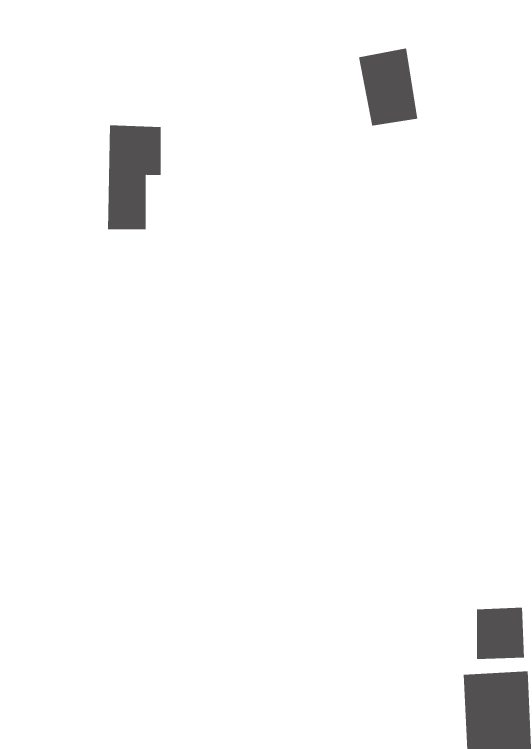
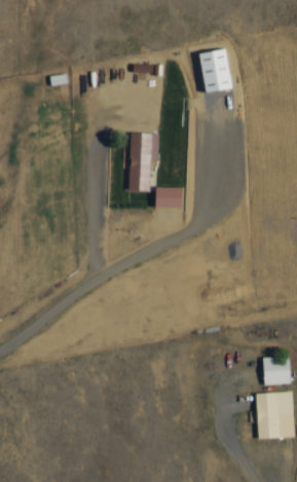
building: [107,125,161,230] -> [128,134,158,191]
building: none -> [155,188,182,209]

